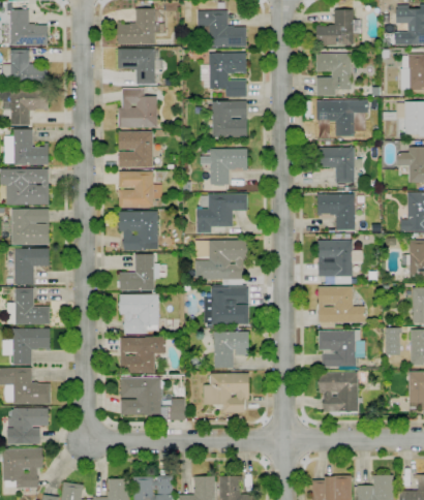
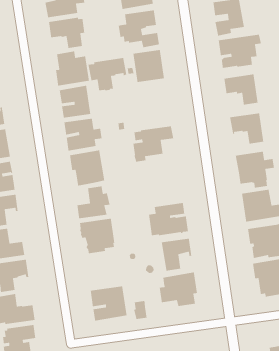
building: [203,149,248,186] -> [88,57,127,91]
building: [195,240,248,280] -> none
building: [120,337,166,373] -> none

